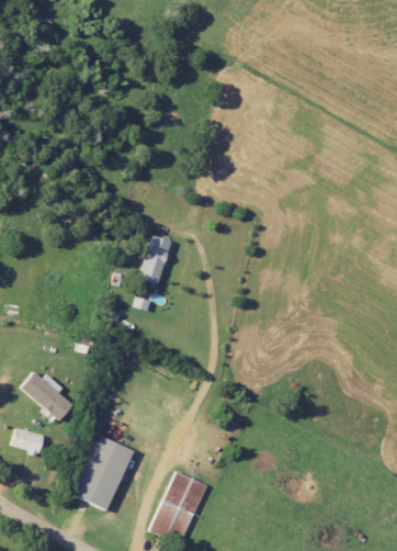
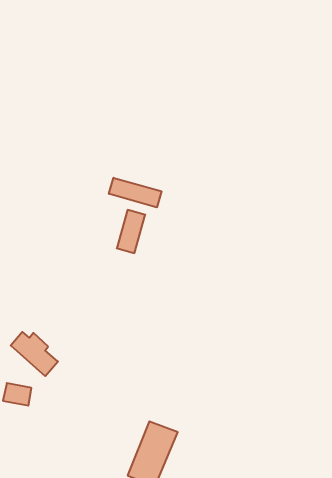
building: none -> [109,178,161,207]
building: [71,436,133,511] -> none

